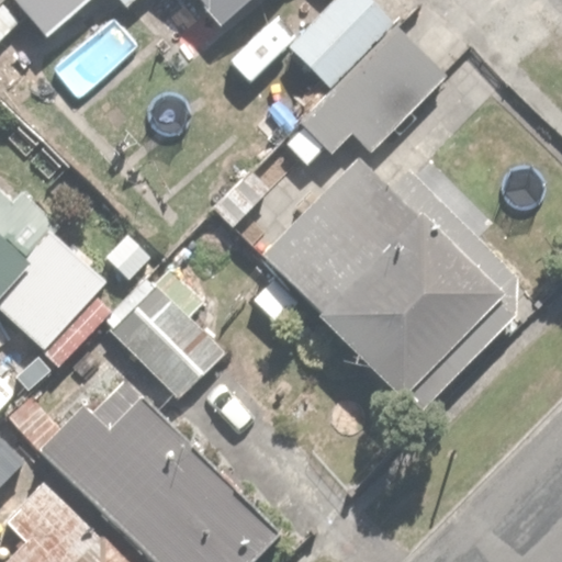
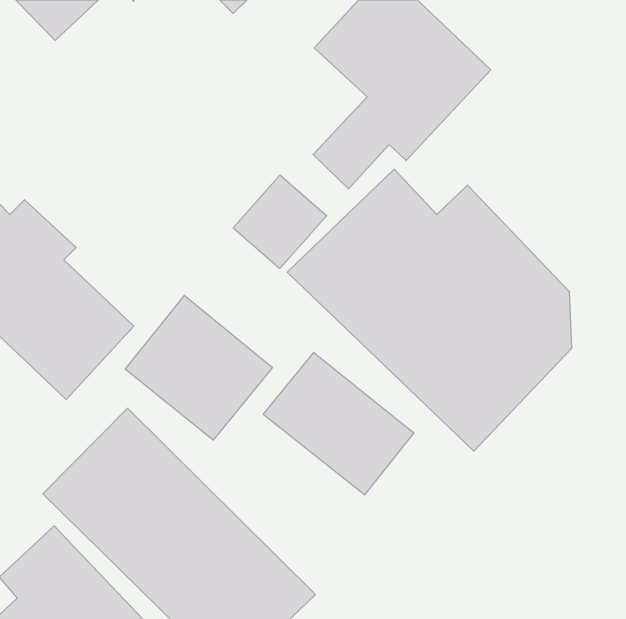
building: none -> [263,352,414,495]

